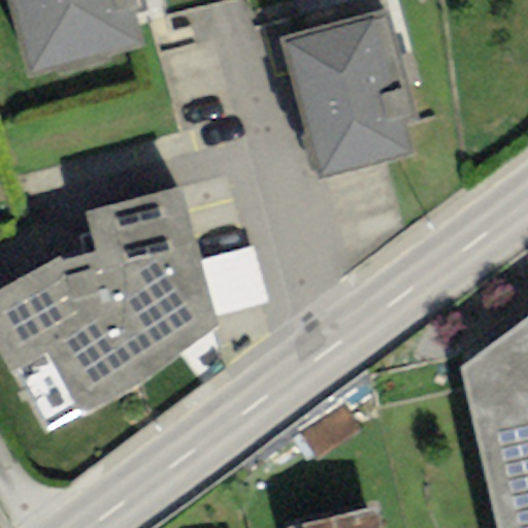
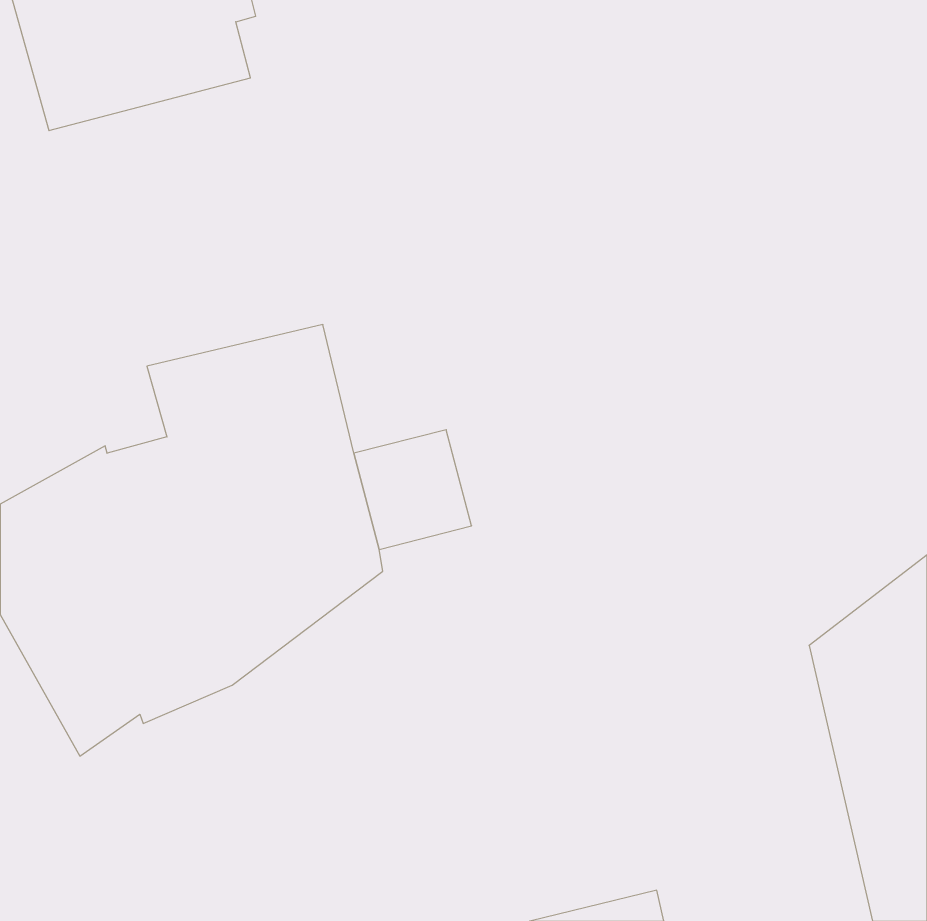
building: [278,6,418,178] -> none

